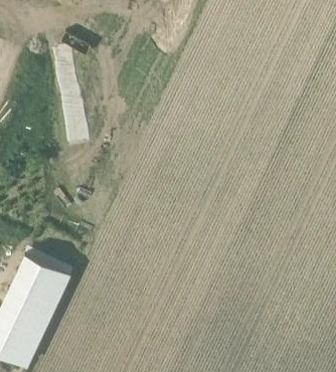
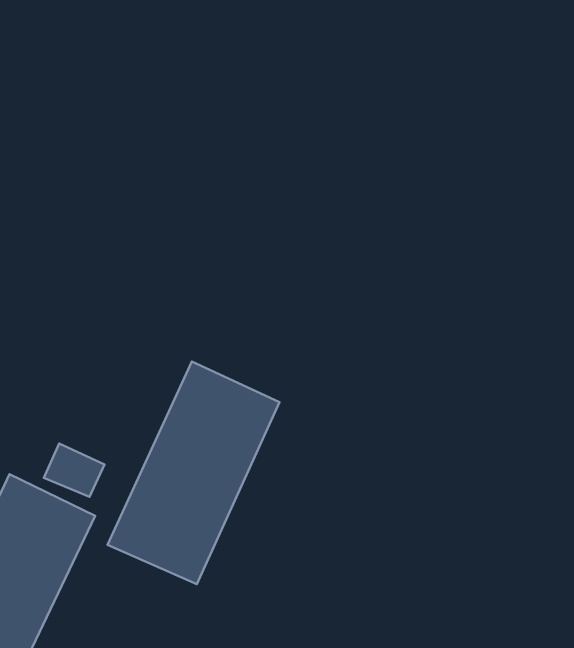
building: none -> [108,361,280,584]

